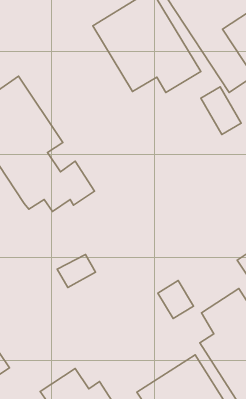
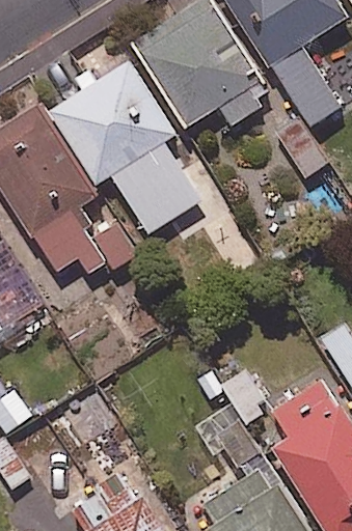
building: none -> [51,60,200,233]

